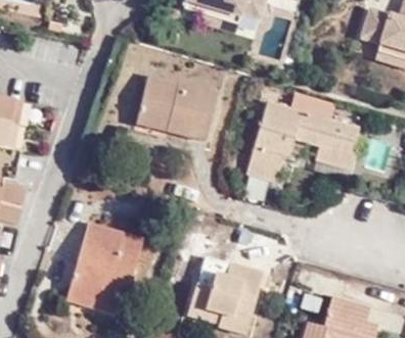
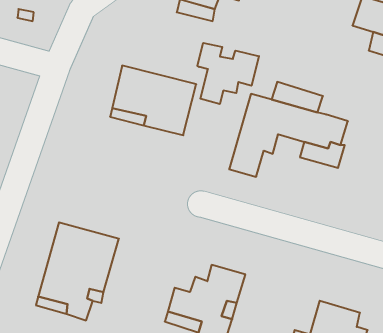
building: none -> [197,43,259,104]

